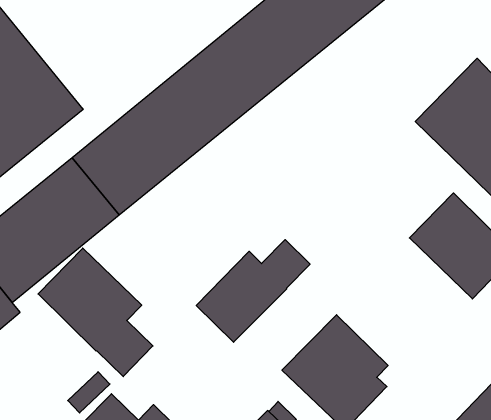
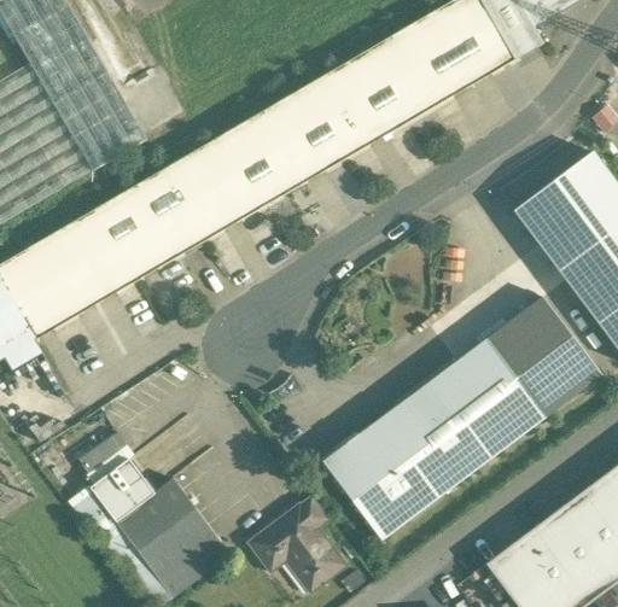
building: none -> [391,337,544,497]
building: [196,240,310,342] -> none
building: [38,248,153,377] -> none

